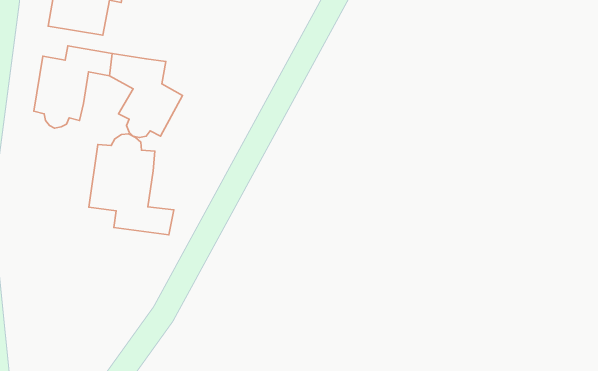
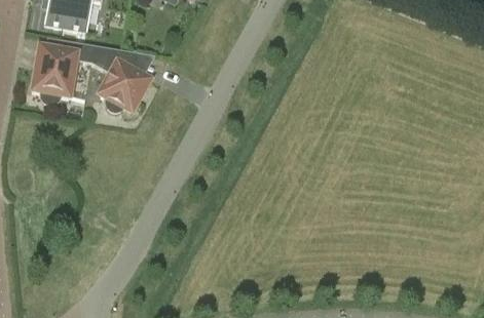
building: [89,134,174,235] -> none

